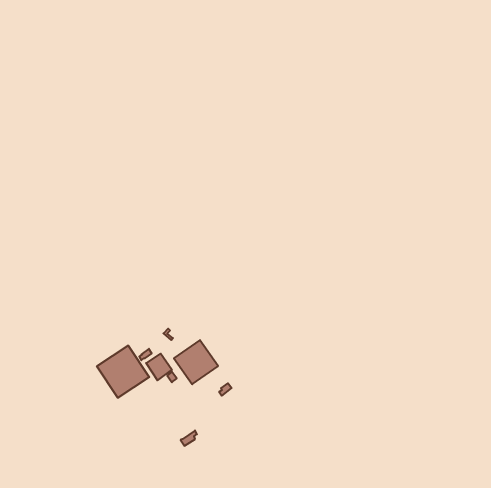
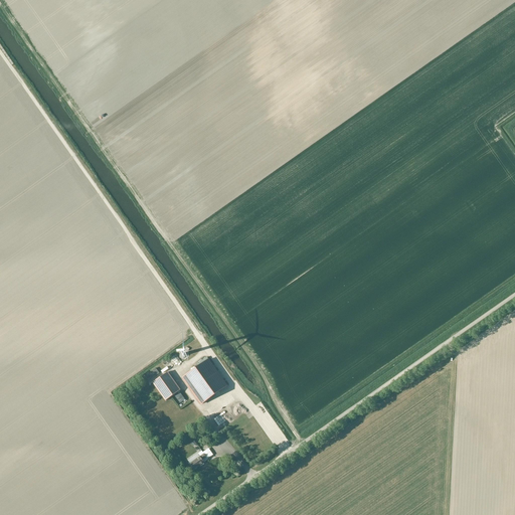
building: [97,345,149,398] -> none

